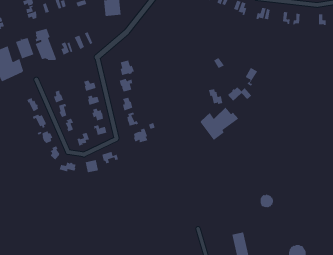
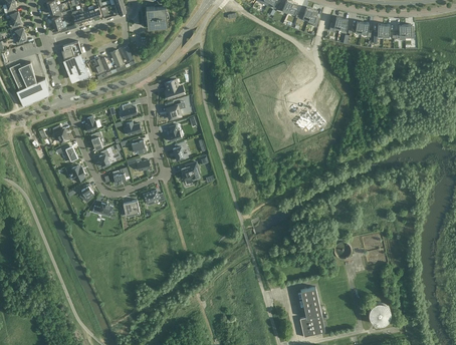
building: [15,37,34,59] -> none
building: [200,107,239,141] -> none

